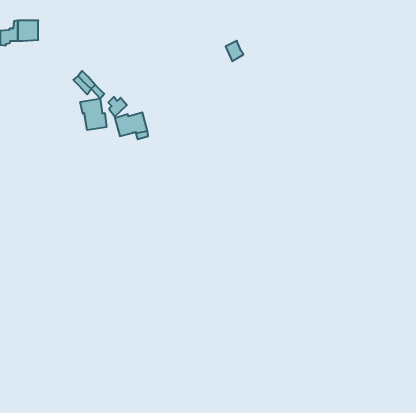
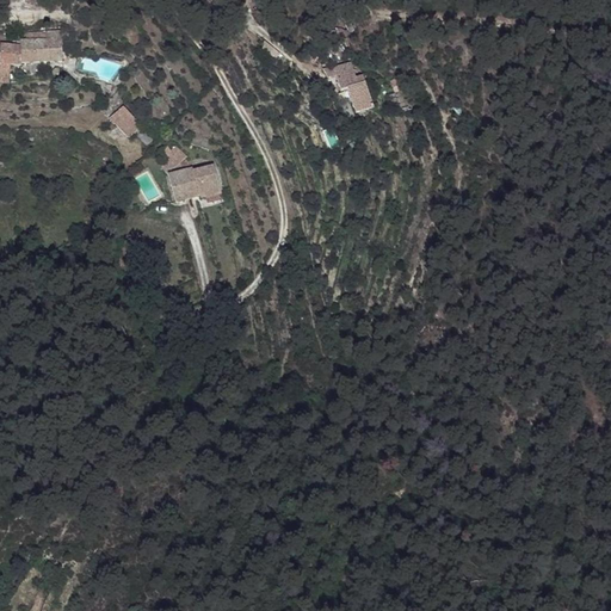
building: none -> [347,70,375,107]
building: [80,99,106,130] -> none

